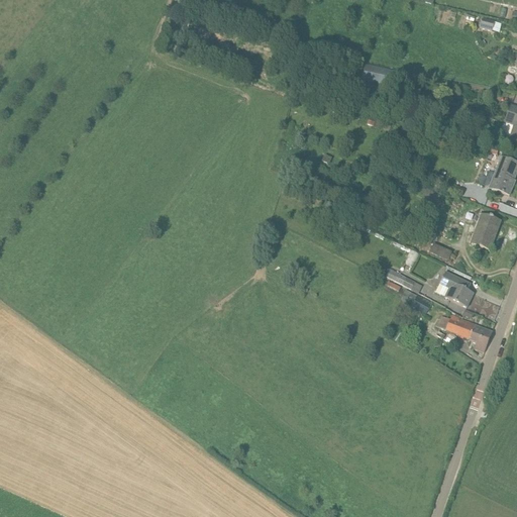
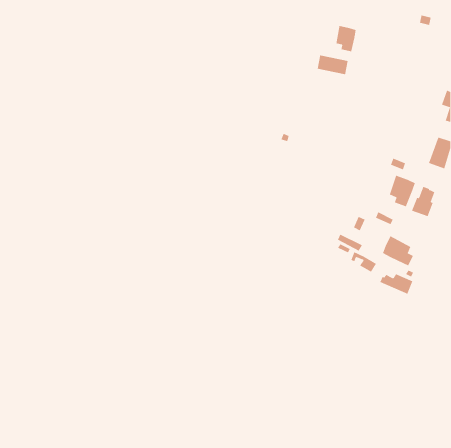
building: none -> [336,25,356,52]
building: none -> [389,175,415,207]
building: [467,322,492,350] -> none

